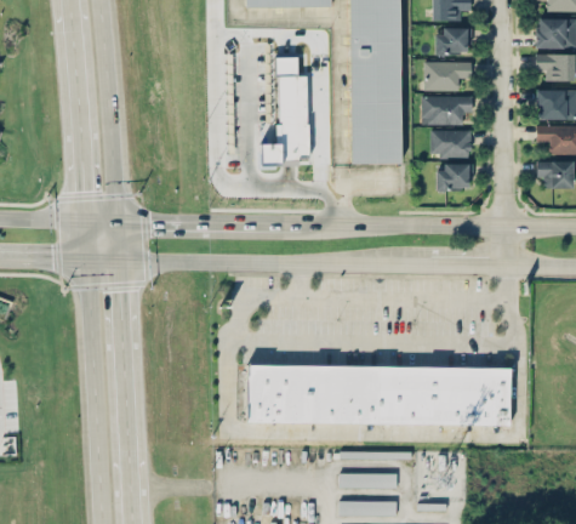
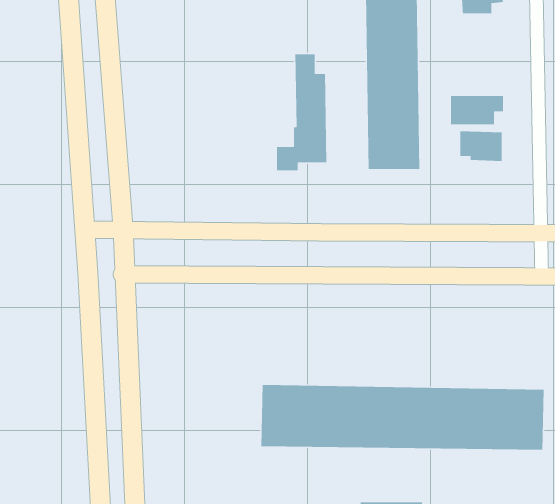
building: [435,27,469,53] -> none
building: [426,61,473,90] -> none
building: [438,165,471,189] -> none

